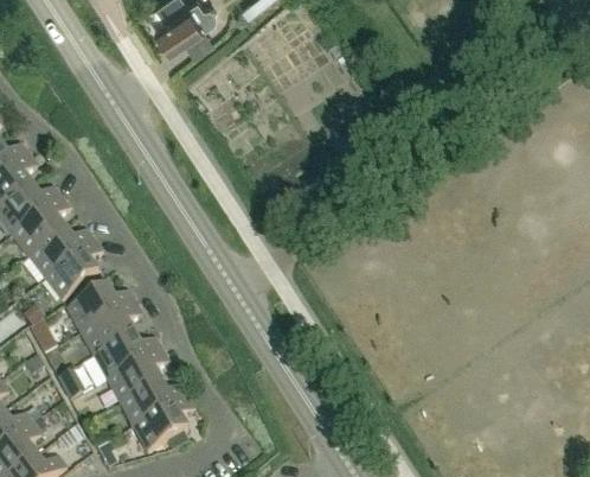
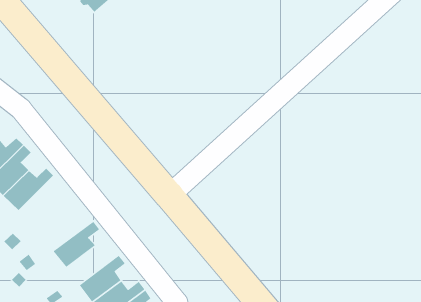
building: [45,241,103,301] -> none
building: [68,287,136,335] -> none
building: [95,335,162,381] -> none

